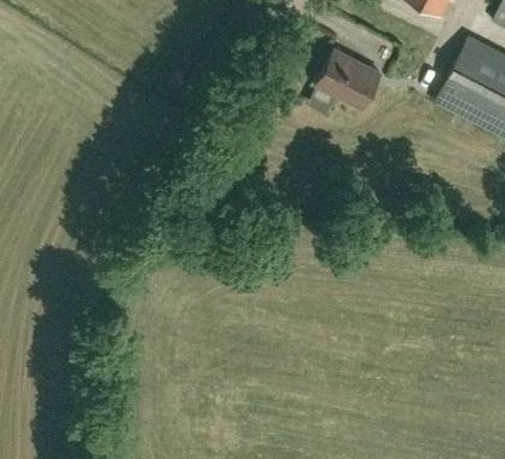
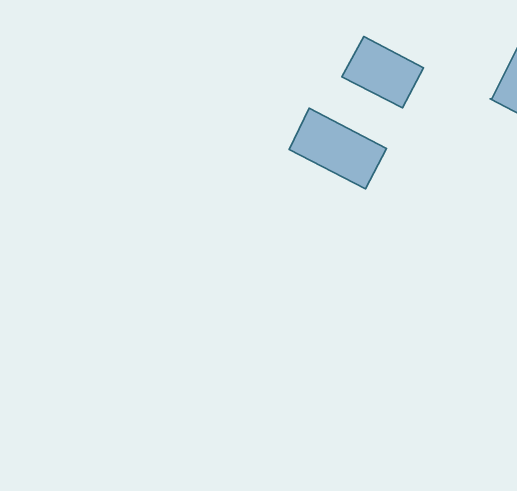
building: none -> [289,108,387,189]

